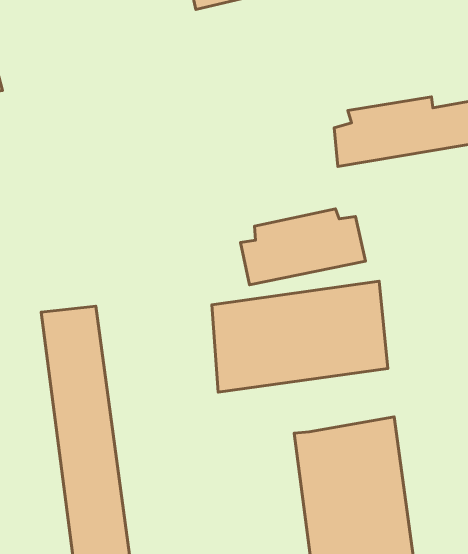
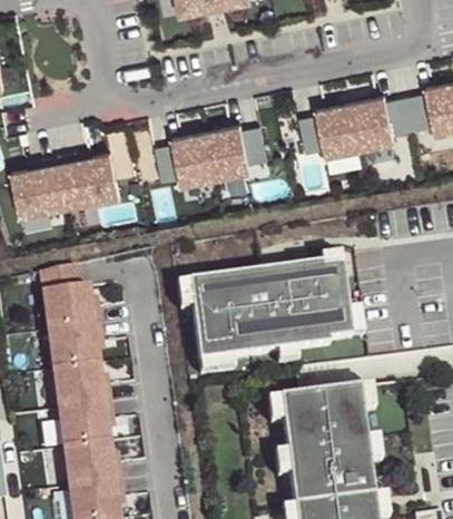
building: none -> [13,151,121,217]
building: [241,209,365,285] -> [160,121,272,189]

